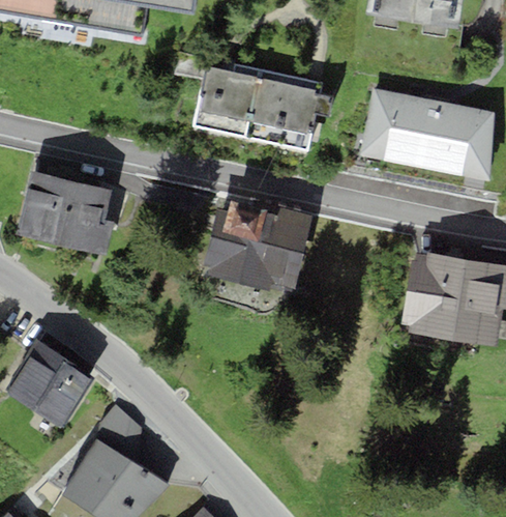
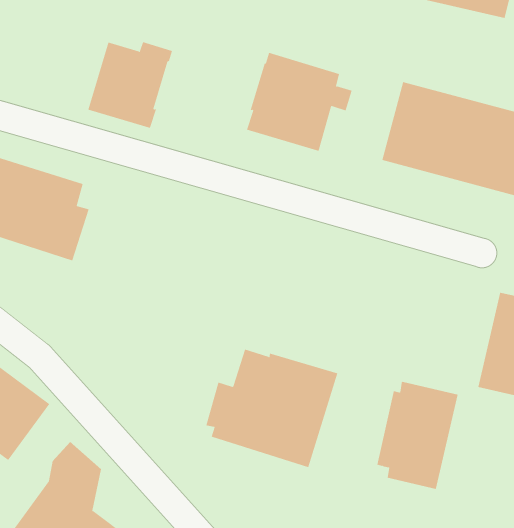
building: [190,63,259,136] -> [88,42,173,129]
building: [202,198,310,294] -> [205,349,338,468]
building: [399,251,465,340] -> [376,381,459,489]

